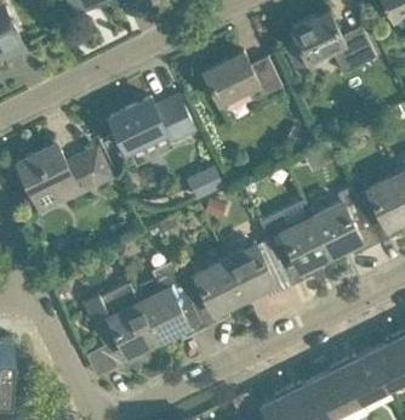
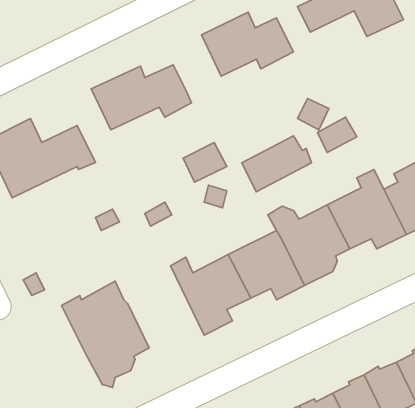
building: none -> [242,136,312,192]
building: [136,262,205,341] -> none

